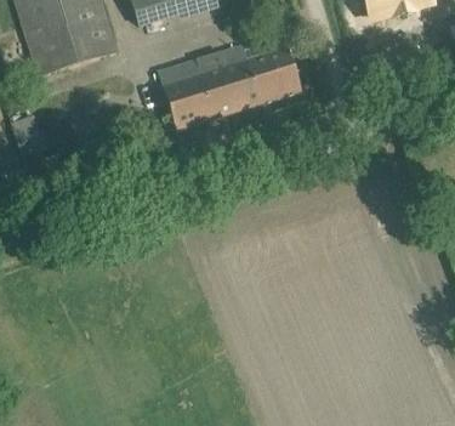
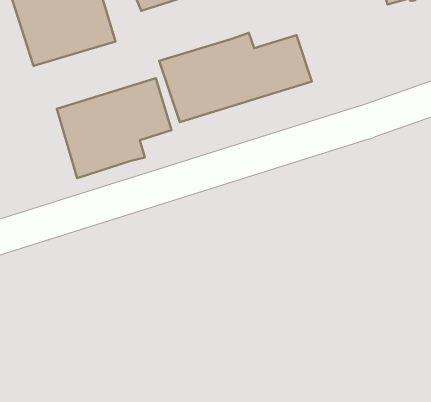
building: none -> [57,78,171,178]

